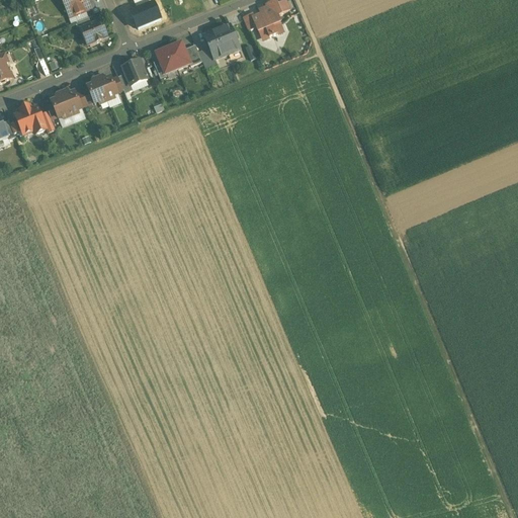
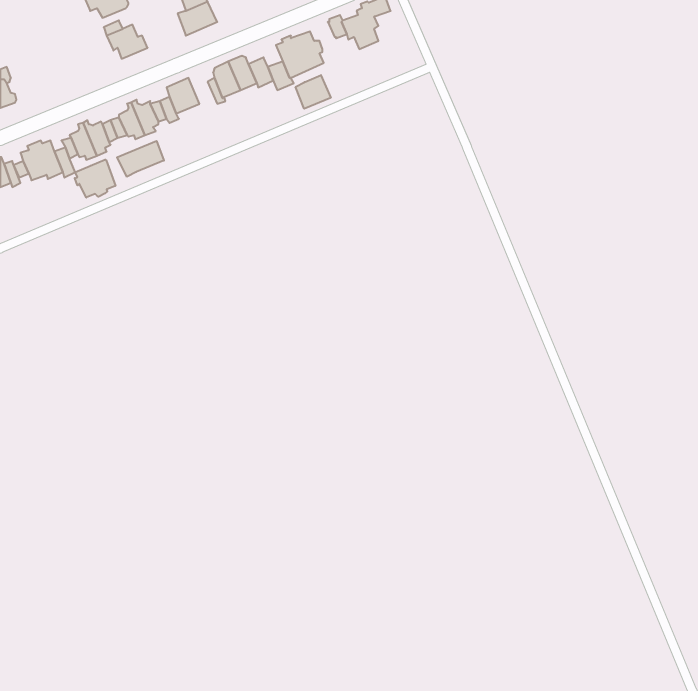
building: none -> [296,75,331,109]
building: none -> [117,141,164,177]
building: none -> [75,160,115,198]

